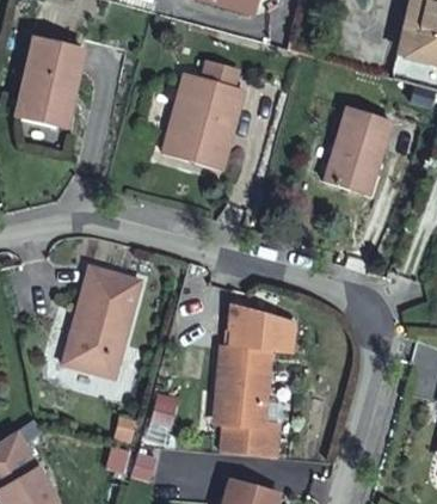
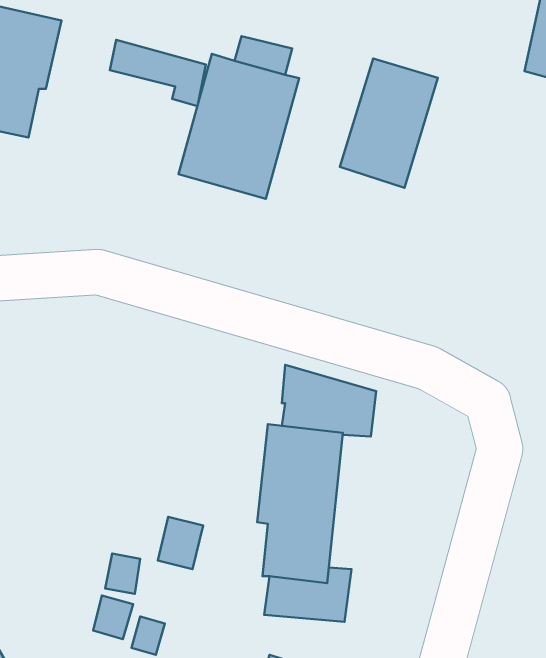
building: none -> [110,40,206,106]
building: [325,107,392,196] -> [340,59,438,188]
building: [62,264,141,375] -> none

